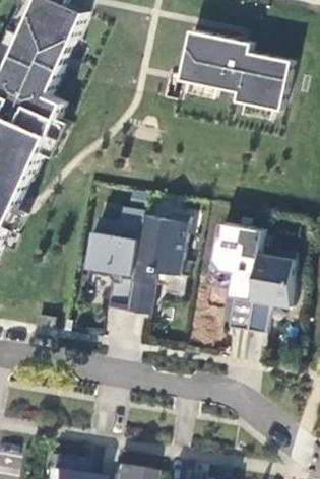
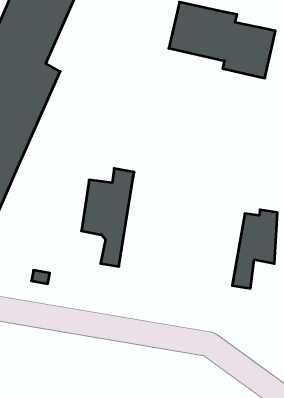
building: [127,214,188,314] -> none
building: [214,222,264,330] -> none

